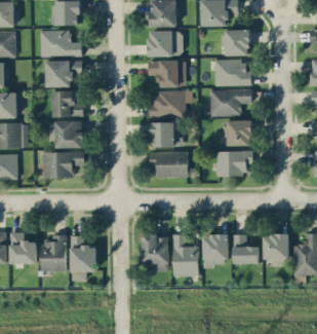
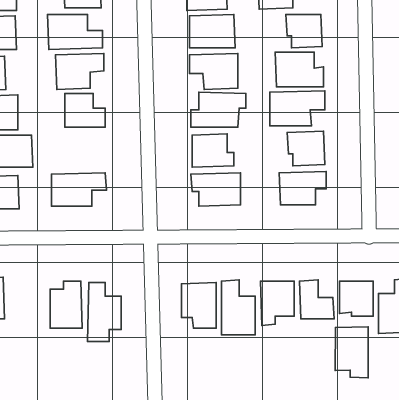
building: [47,120,82,148] -> none
building: [9,231,36,263] -> none
building: none -> [335,327,368,378]

